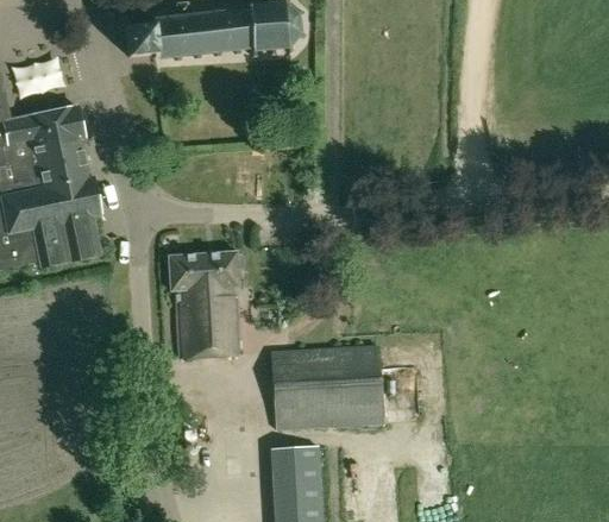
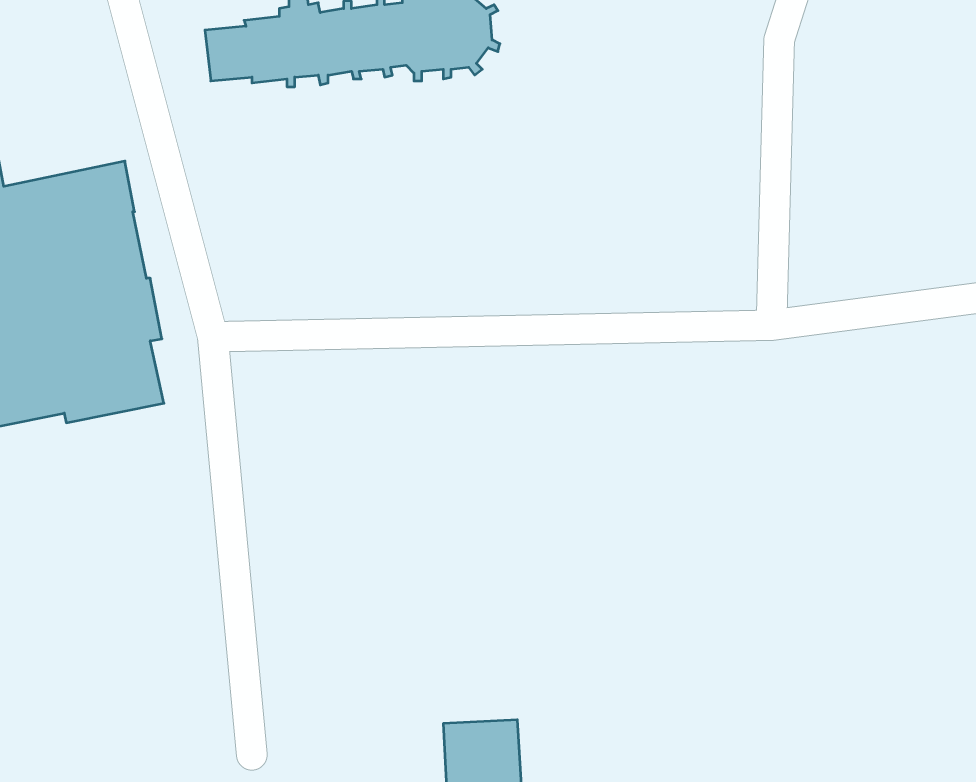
building: [169,252,239,358] -> none
building: [271,346,382,429] -> none

